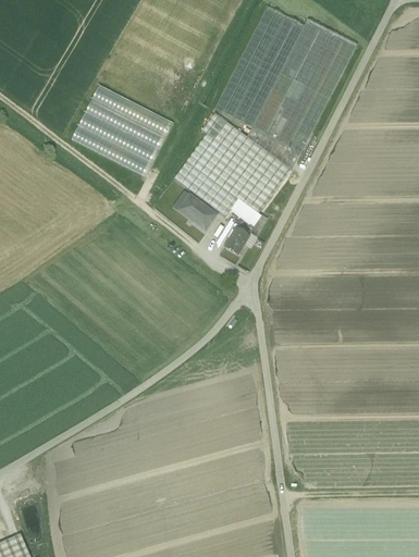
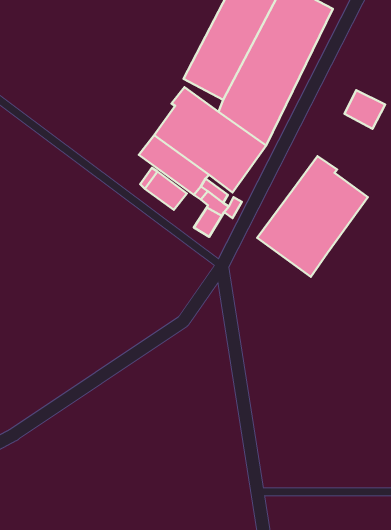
building: [72,85,174,175] -> none
building: none -> [345,90,385,129]
building: none -> [257,156,368,277]

